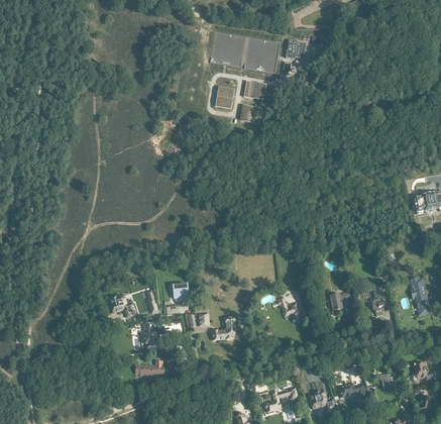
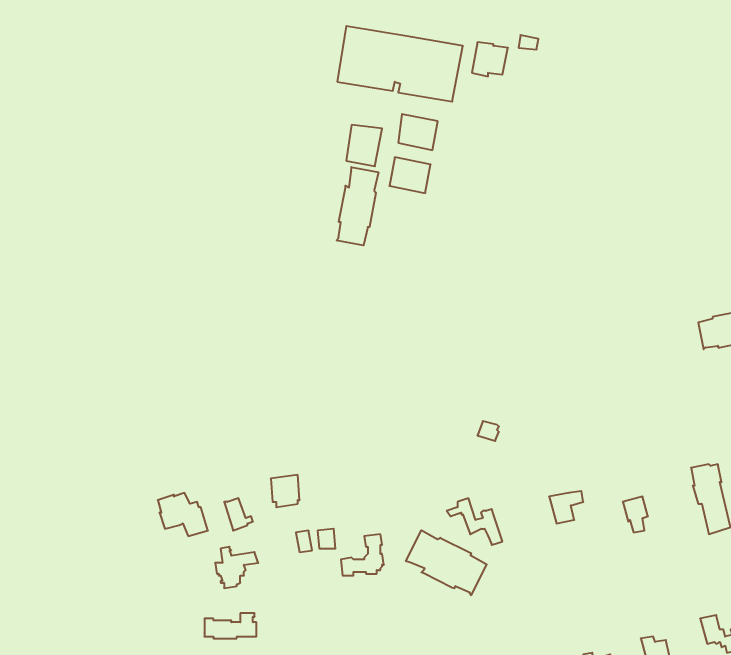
building: none -> [337,167,378,245]
building: none -> [406,530,487,595]

